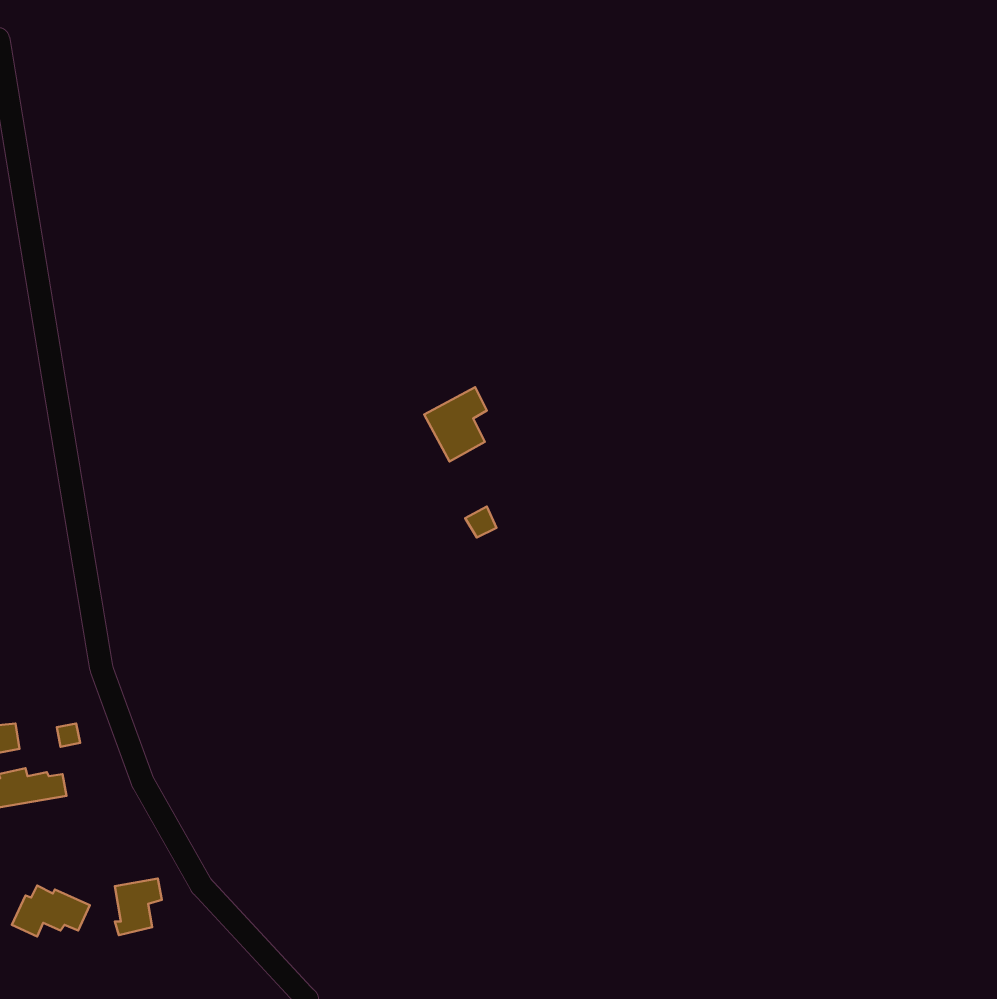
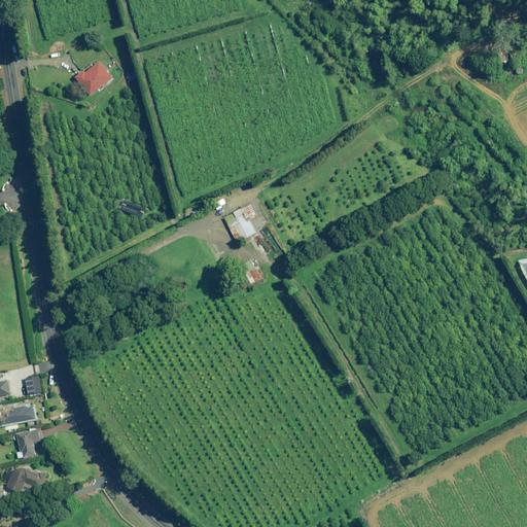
building: none -> [75,62,113,96]
building: [115,878,162,935] -> [16,429,41,459]

